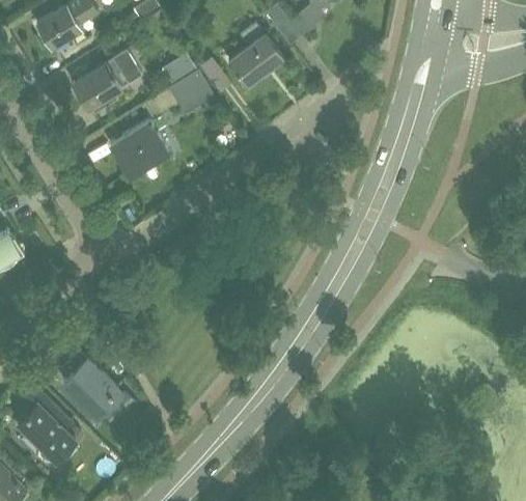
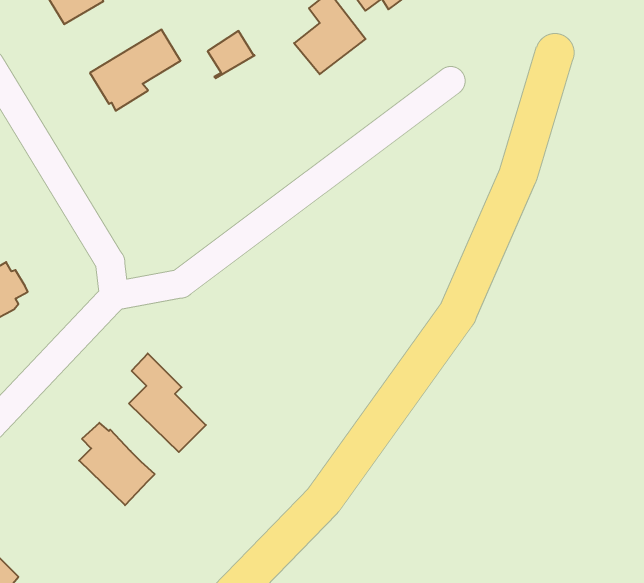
building: [168,71,209,105] -> none
building: [110,117,168,175] -> none
building: [17,386,76,462] -> [129,353,206,452]

